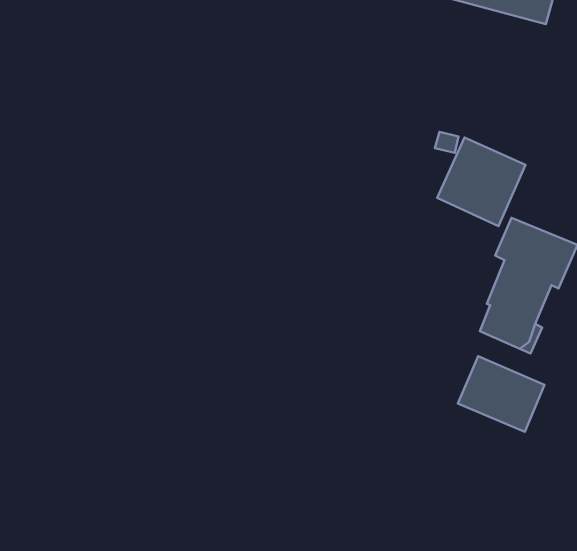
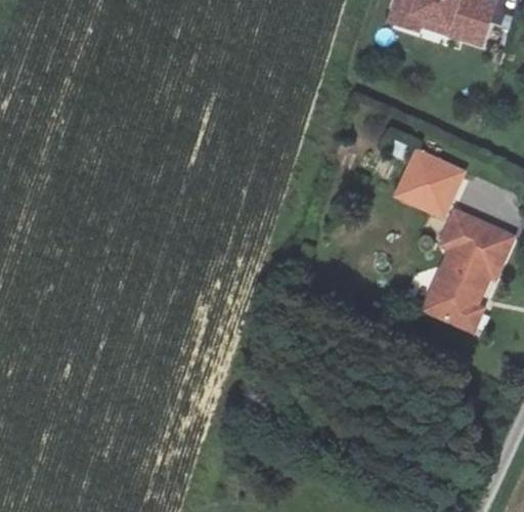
building: [458,356,545,432] -> none

